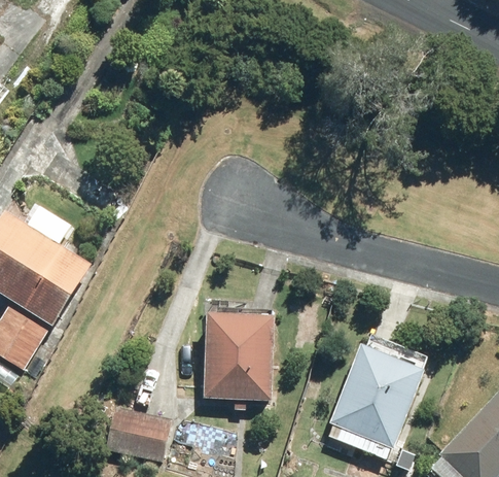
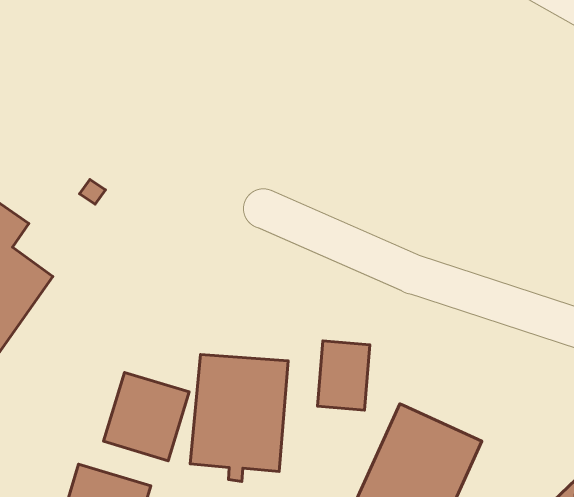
building: none -> [318,341,370,410]
building: none -> [103,372,189,461]

